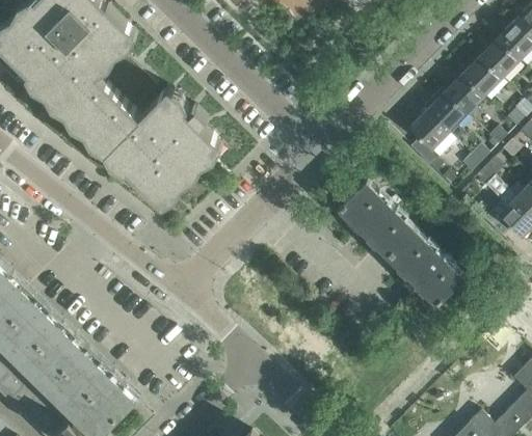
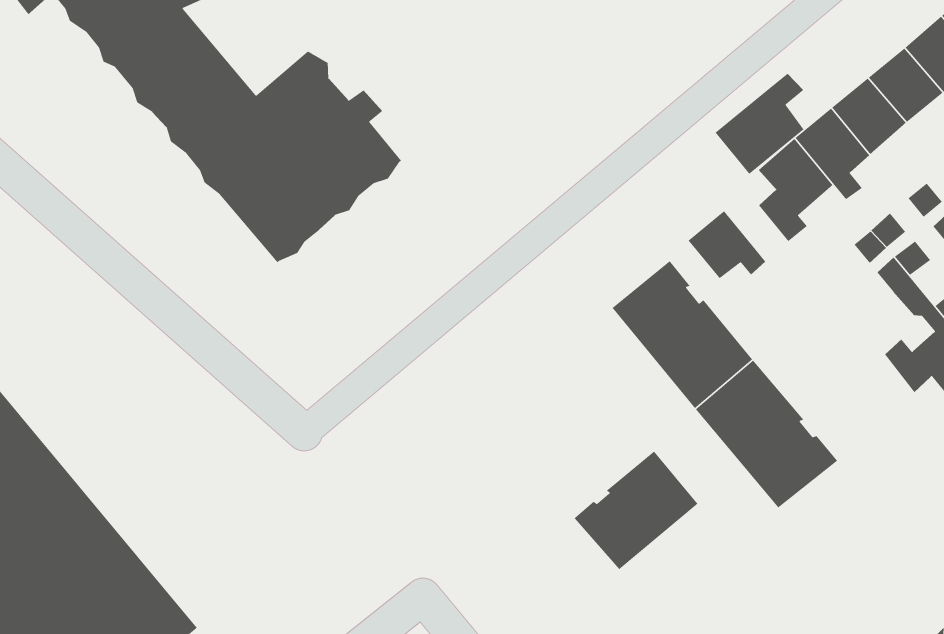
building: none -> [715,73,805,175]
building: none -> [688,210,766,279]
building: none -> [573,450,698,570]

